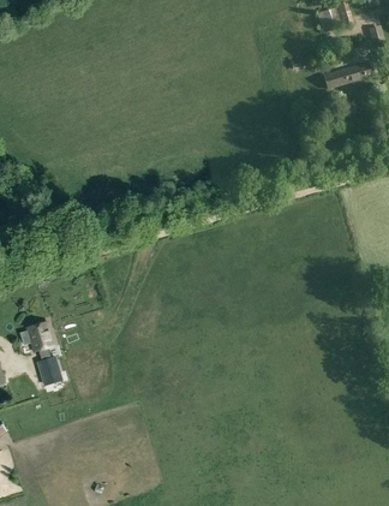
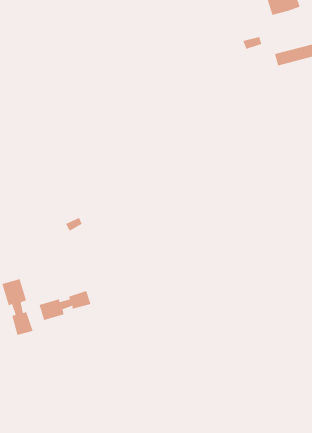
building: none -> [39,290,91,321]

